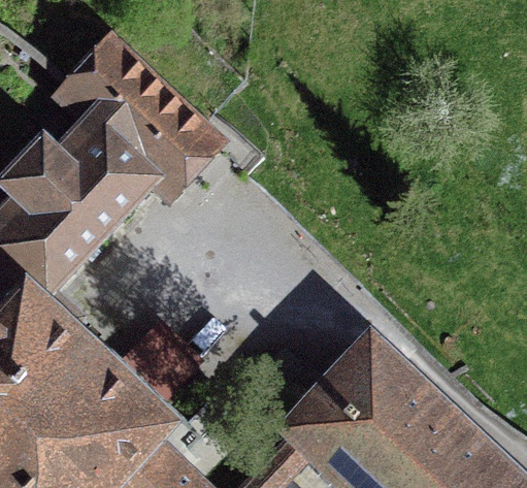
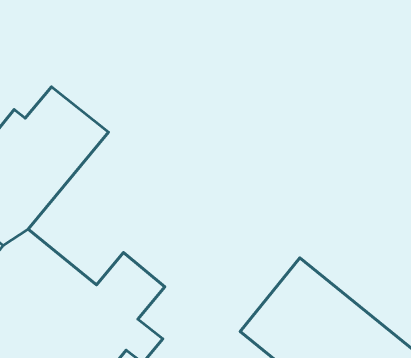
building: [64,44,217,195] -> none

